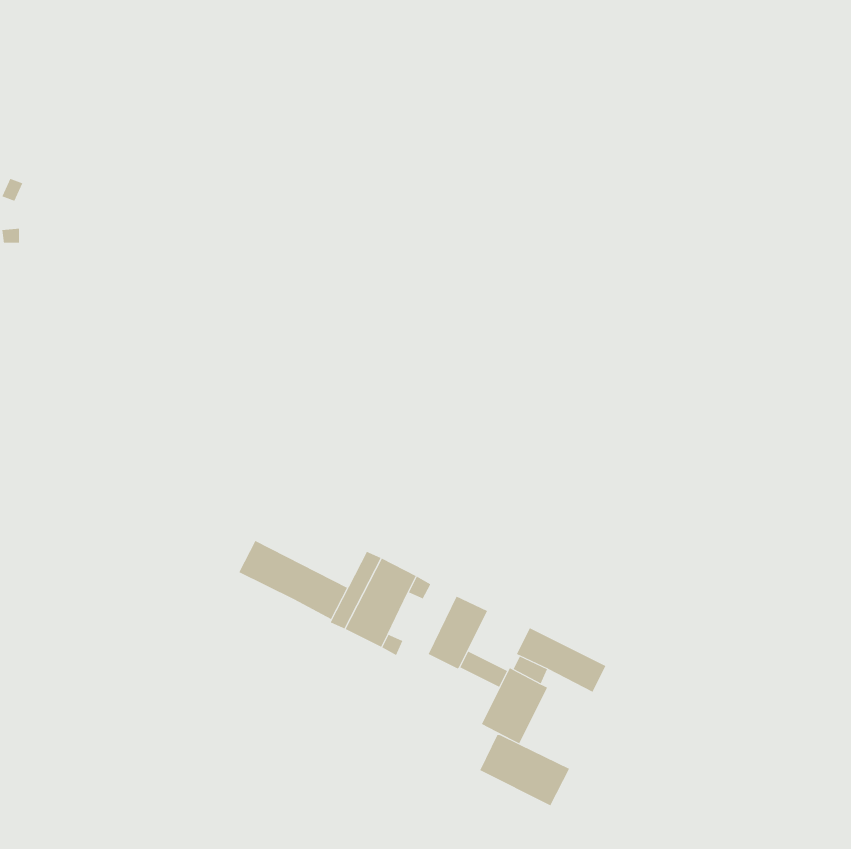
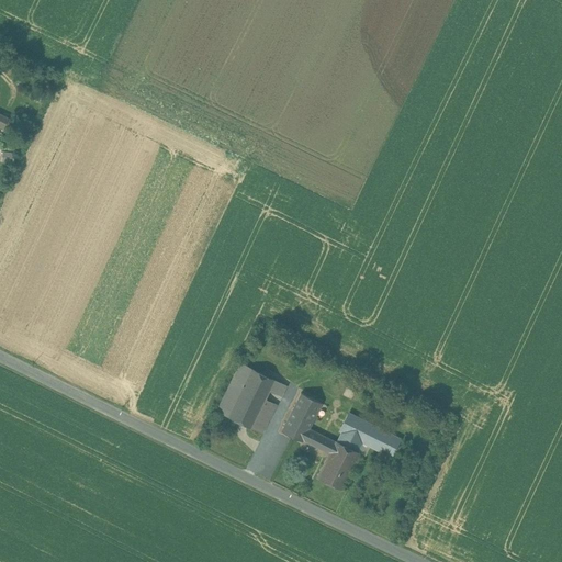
building: [239,540,348,620] -> none
building: [479,734,570,806] -> none

